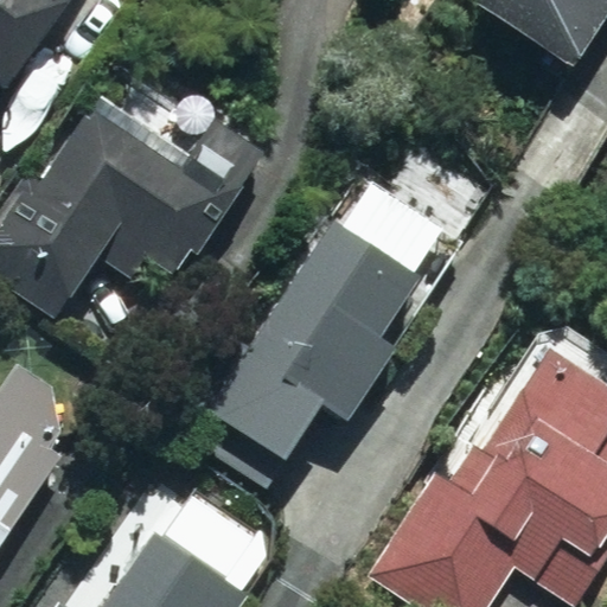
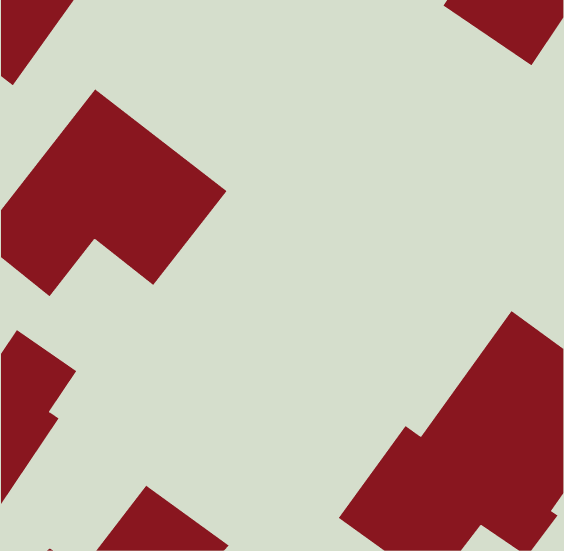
building: [194,217,428,480] -> none

